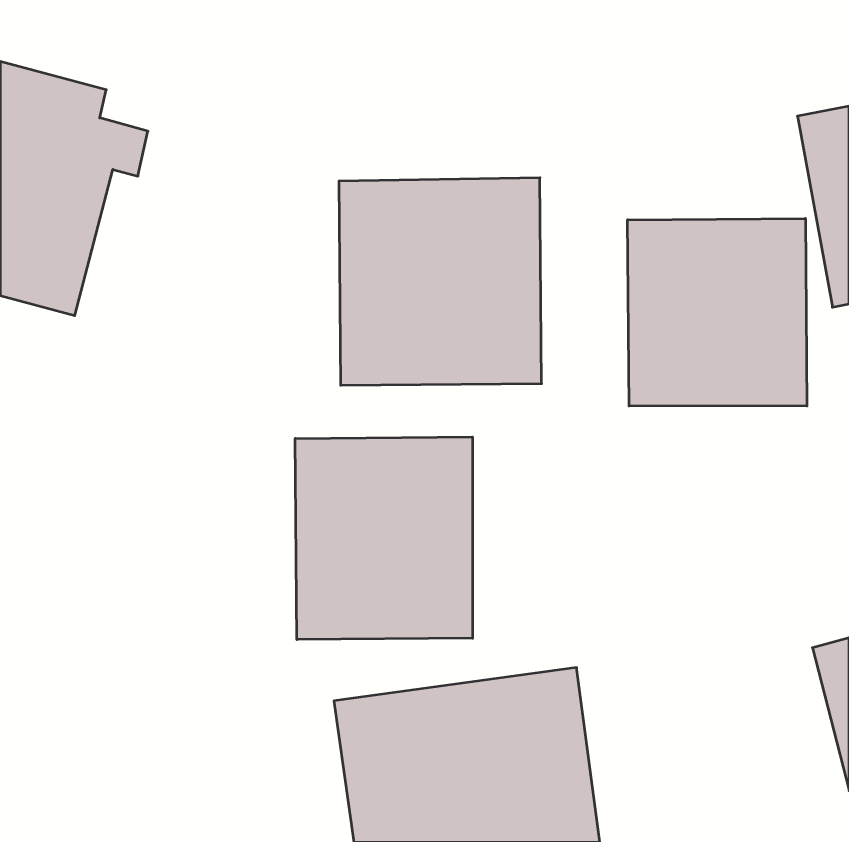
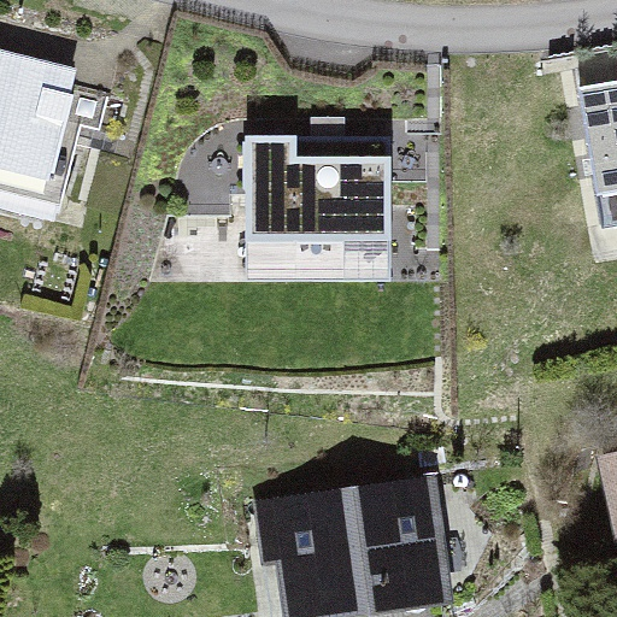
building: [628,218,807,406] -> none
building: [295,437,473,640] -> none

